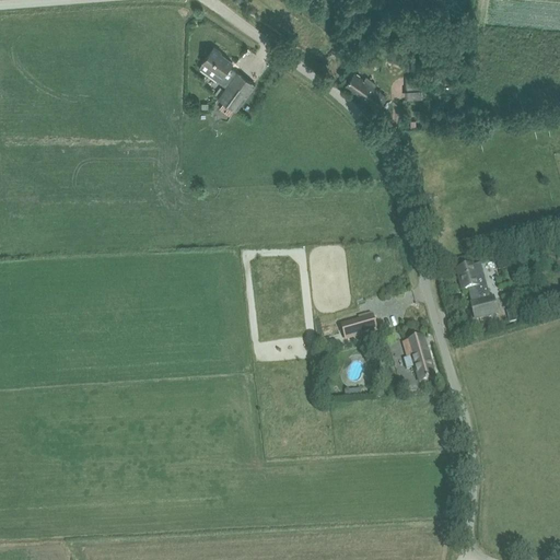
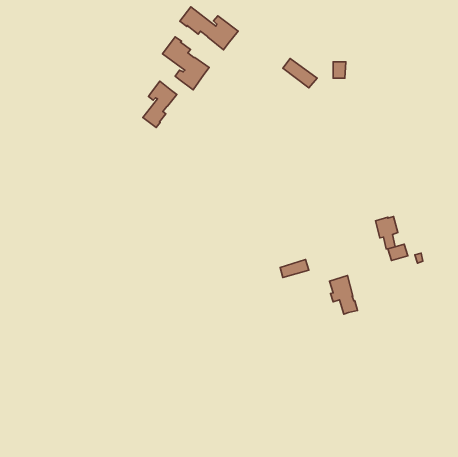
building: none -> [180,7,238,50]
building: none -> [143,81,177,128]

